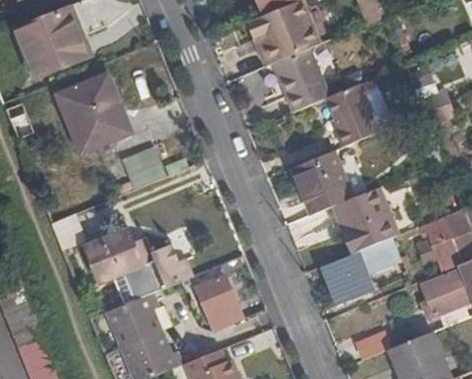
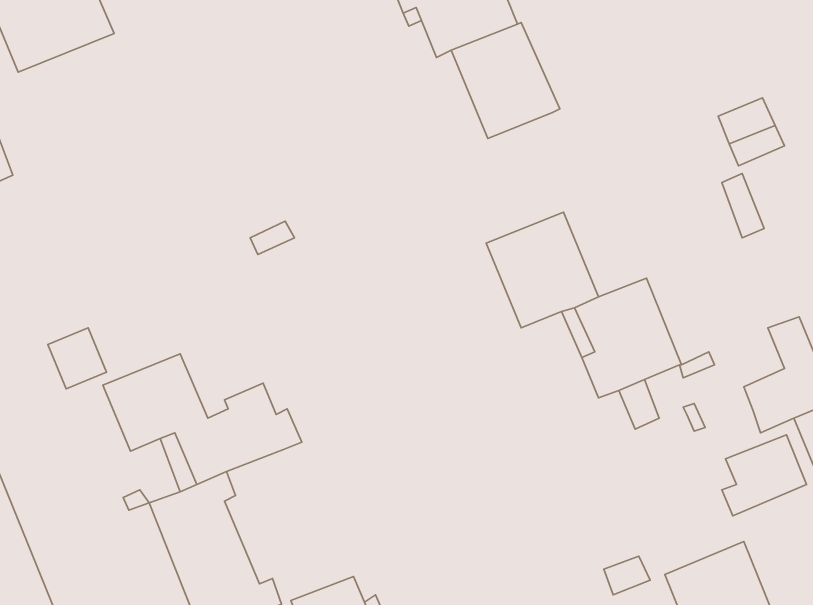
building: [57,73,131,151] -> none
building: [328,83,381,146] -> none
building: [121,146,163,187] -> none
building: [415,214,455,265] -> none
building: [323,253,372,304] -> none
building: [198,273,242,329] -> none

